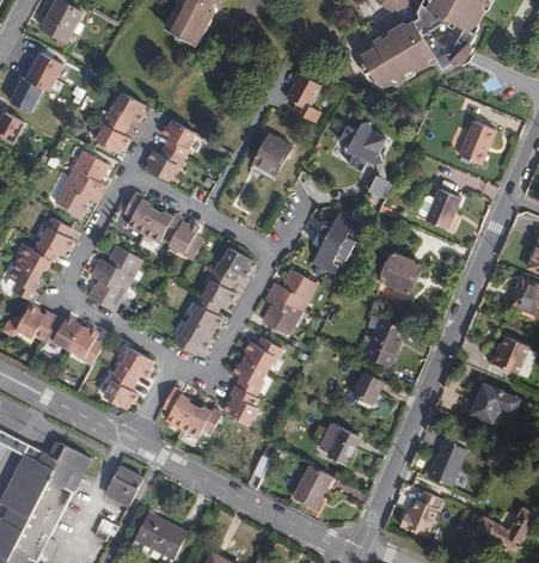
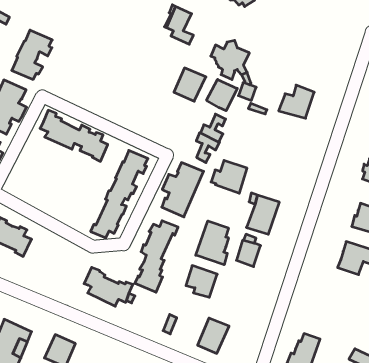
building: [458,118,495,163] -> none
building: [145,121,197,182] -> none
building: [253,130,294,172] -> [174,68,206,101]
building: none -> [207,79,237,111]
building: [85,245,141,312] -> none
building: [375,250,421,292] -> [211,160,247,193]
building: none -> [196,221,228,265]
building: [102,349,152,411] -> none
building: [321,421,361,461] -> [186,266,217,297]
building: [427,440,466,486] -> none

